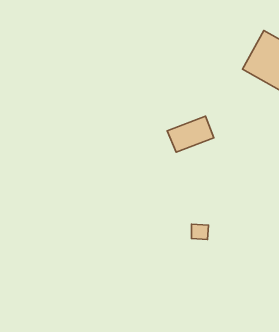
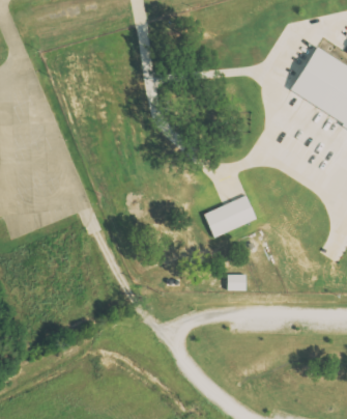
building: [167,116,214,152] -> [204,196,258,238]

